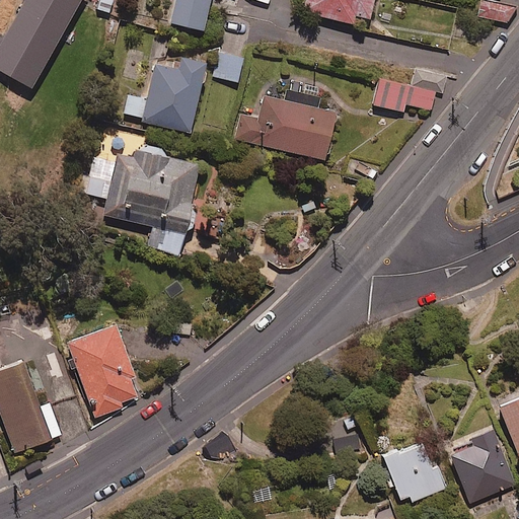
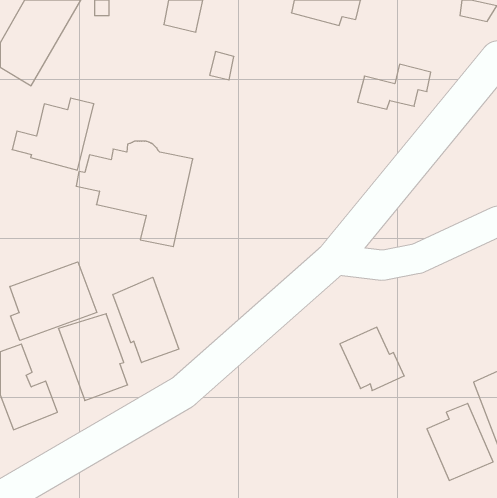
building: [124,61,209,136] -> [12,98,94,170]
building: [234,88,337,158] -> none
building: none -> [10,262,97,340]
building: none -> [113,277,179,363]
building: [378,434,445,500] -> [340,327,404,391]

